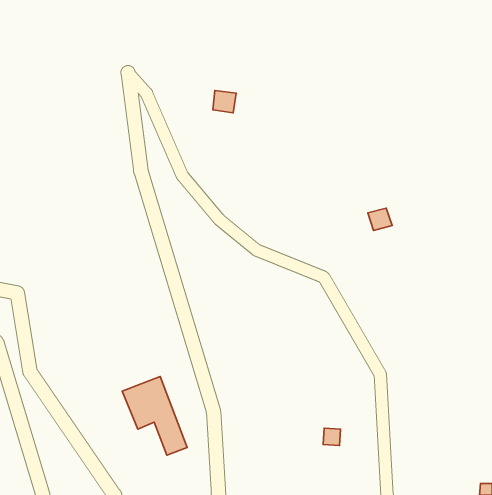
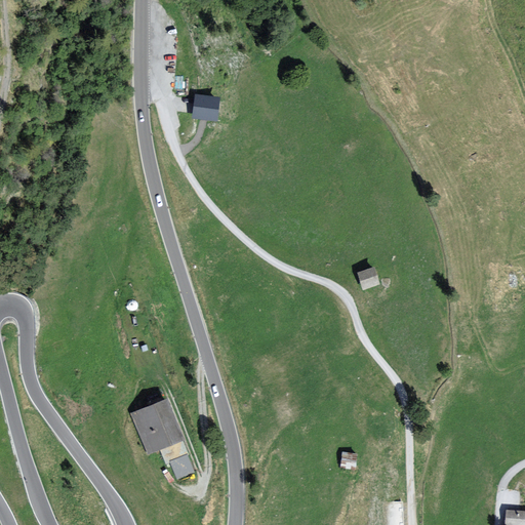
building: [213,90,236,113] -> [190,94,214,118]
building: [368,208,392,230] -> [357,266,382,289]

